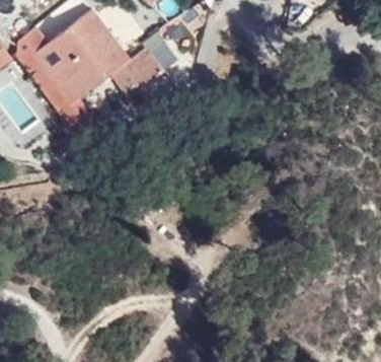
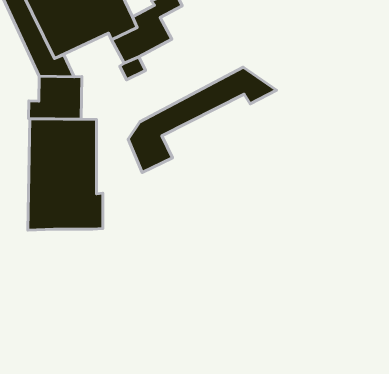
building: none -> [128,67,276,173]
building: none -> [28,119,103,230]

